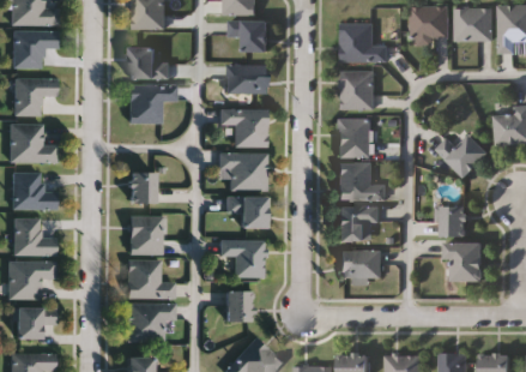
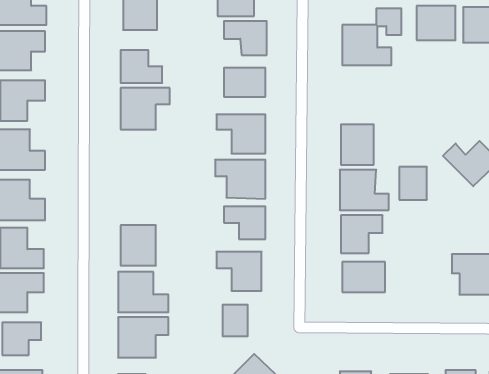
building: [340,71,374,109] -> none
building: [129,172,156,203] -> none
building: [441,206,467,238] -> [399,167,427,200]

